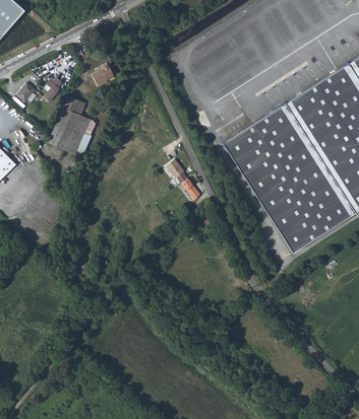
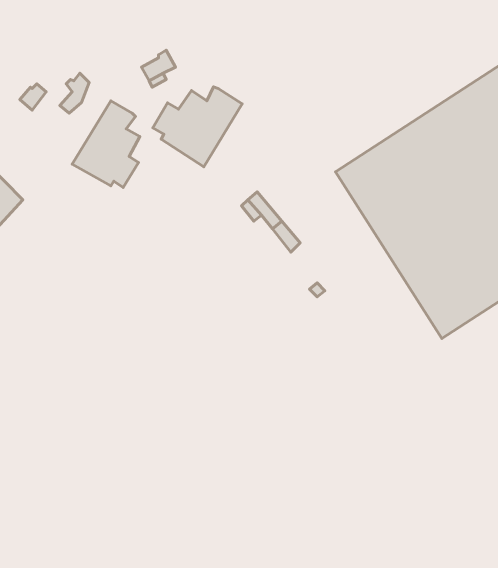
building: none -> [153,87,242,167]

